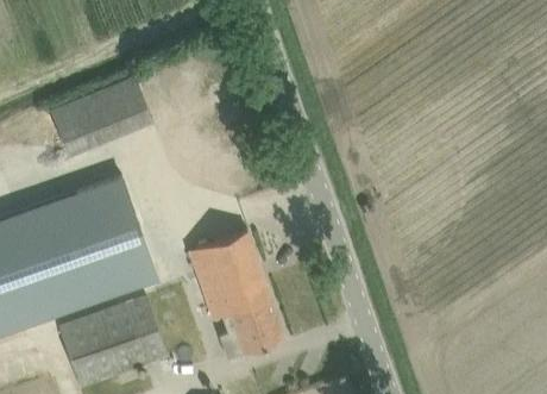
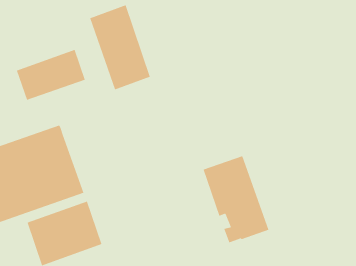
building: none -> [89,4,151,90]
building: [190,231,287,358] -> [202,155,269,243]

